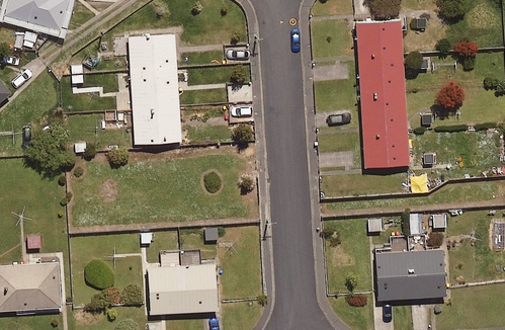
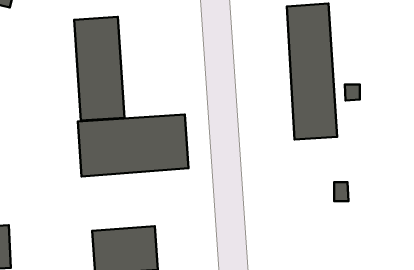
building: none -> [78,114,188,177]
building: [372,250,443,300] -> none

